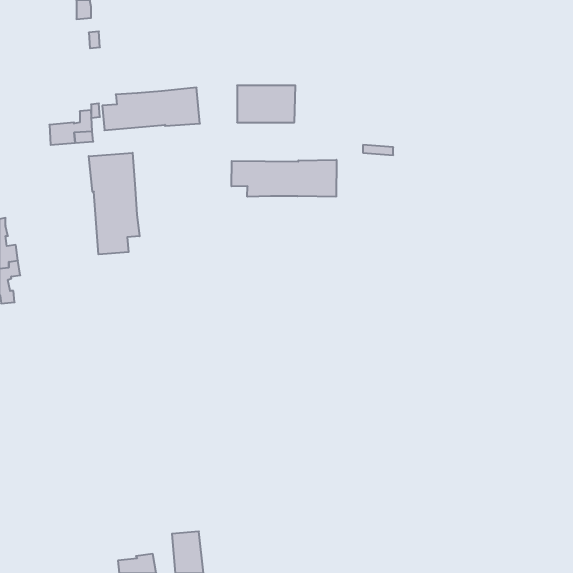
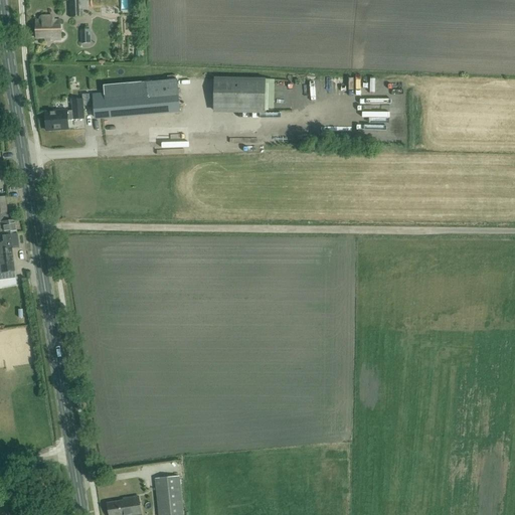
building: none -> [34,16,60,39]
building: [89,153,140,254] -> none
building: [232,160,336,197] -> none

